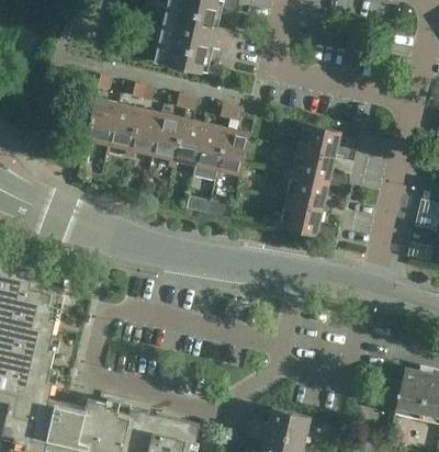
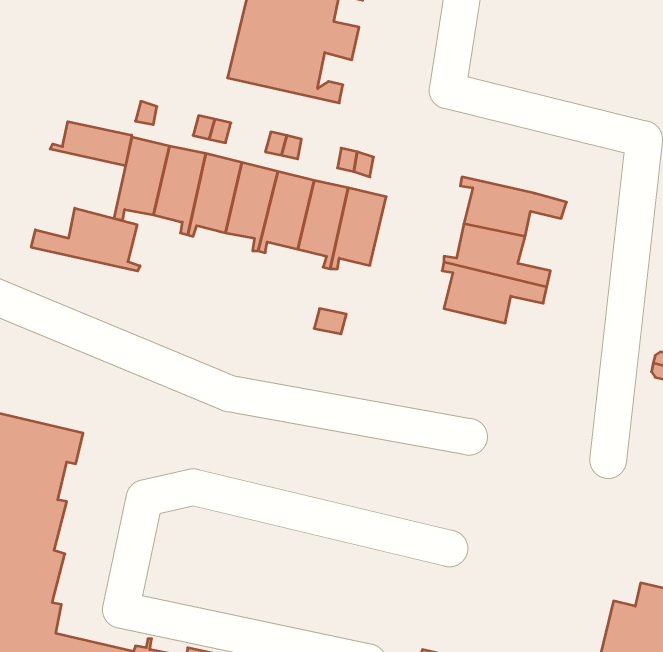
building: none -> [50,122,132,166]
building: none -> [31,208,140,271]
building: [272,202,337,241] -> none

